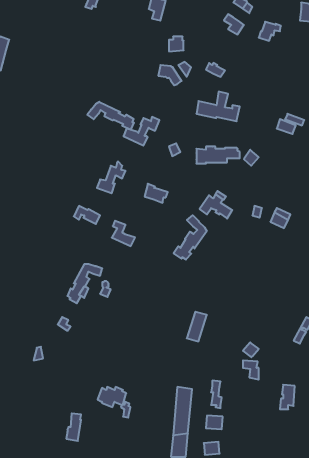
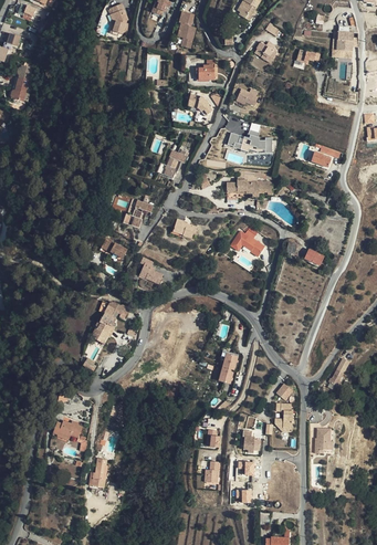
building: [87,102,134,130] -> none
building: [174,215,207,260] -> none
building: [98,387,130,418] -> [52,420,86,452]

